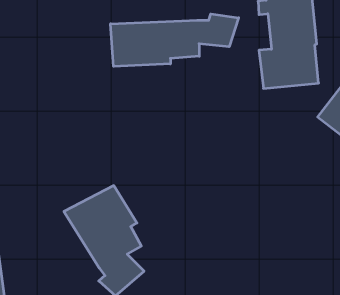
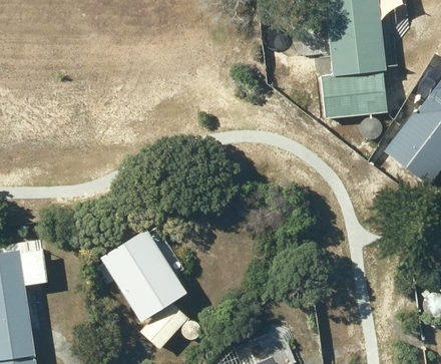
building: [111,14,239,66] -> none

